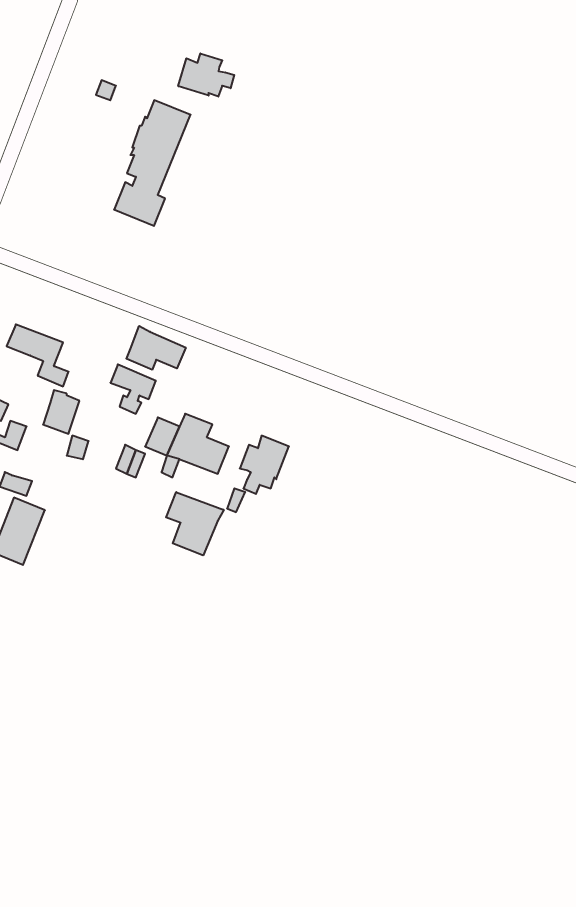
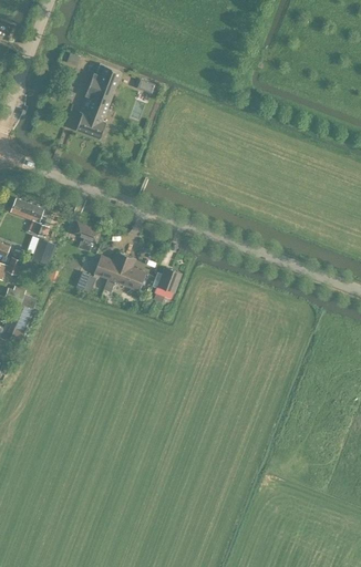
building: [178,53,234,97] -> none
building: [126,326,186,370] -> none
building: [166,492,224,555] -> none

